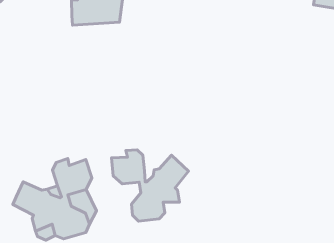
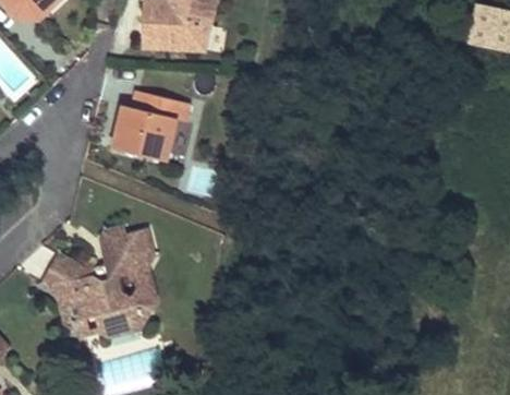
building: none -> [114,91,189,159]
building: [111,150,189,221] -> none

